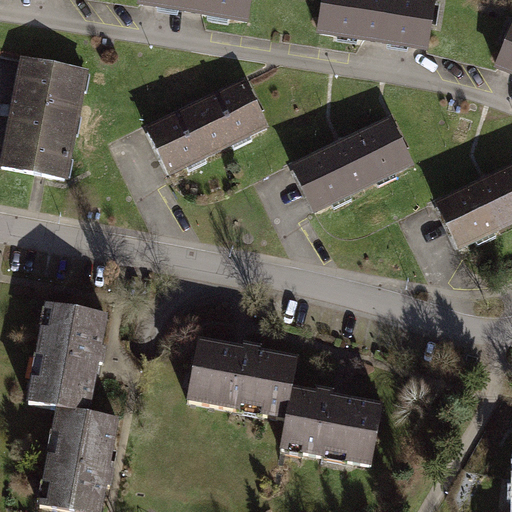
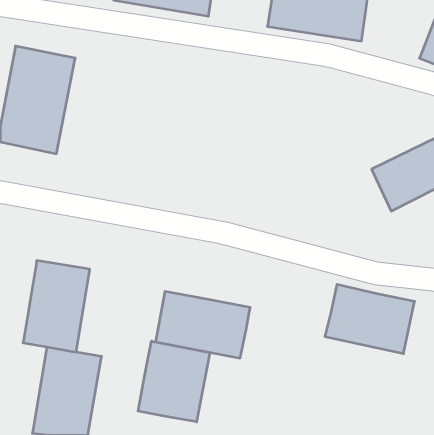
building: [143,78,267,175] -> none
building: [289,114,412,210] -> none
building: [277,386,382,467] -> [325,284,415,354]
building: none -> [138,341,210,422]

